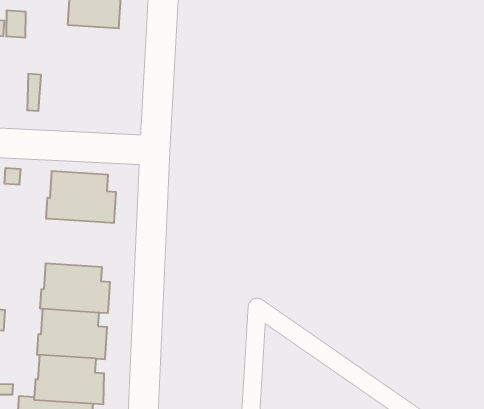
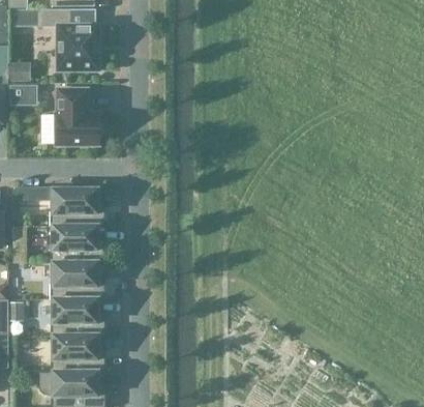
building: none -> [10,85,37,106]
building: none -> [55,89,102,145]
building: none -> [50,227,104,263]

